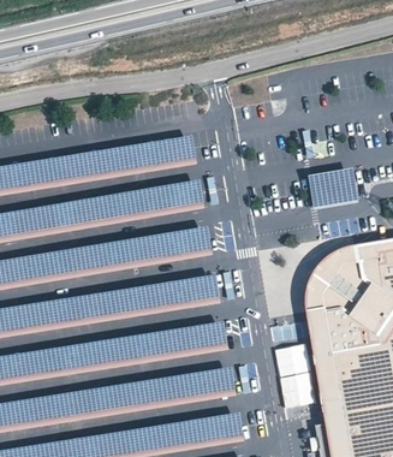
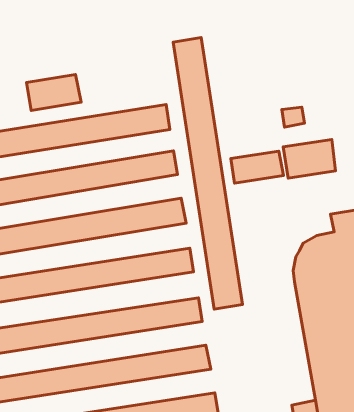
building: none -> [173,37,242,309]
building: none -> [27,74,81,111]
building: none -> [231,151,284,183]

